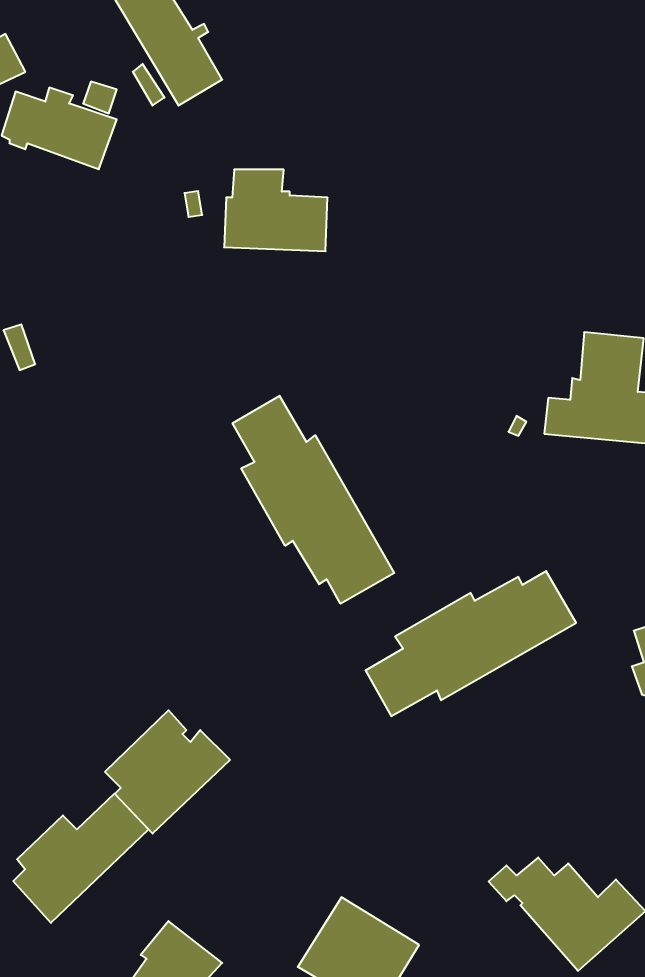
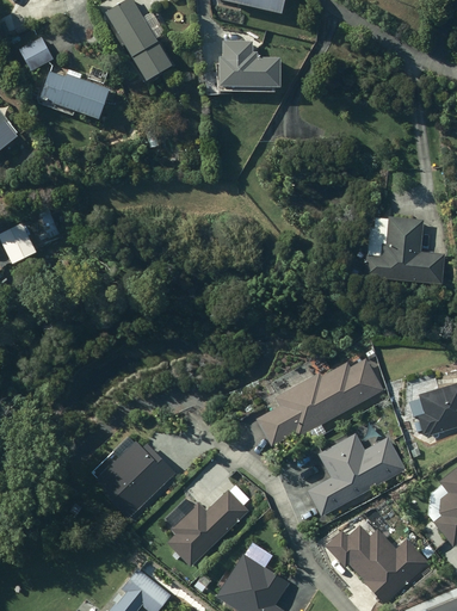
building: [224,170,328,251] -> [216,39,278,88]
building: [233,396,394,604] -> none
building: none -> [310,436,403,512]
building: [13,794,148,923] -> [167,488,248,566]

